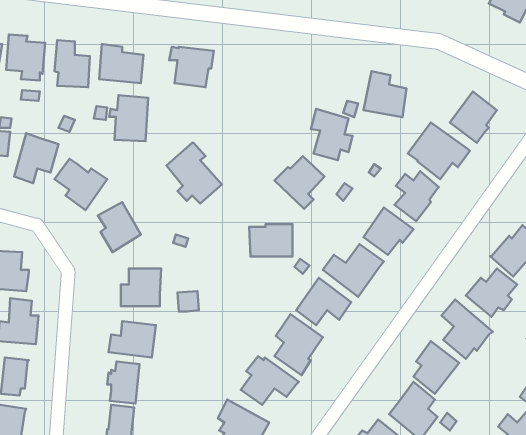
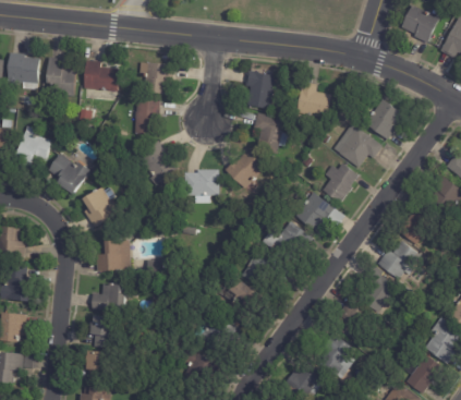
building: none -> [246,70,276,108]
building: [109,95,148,141] -> [130,98,161,135]
building: [249,224,292,256] -> [185,169,220,195]

